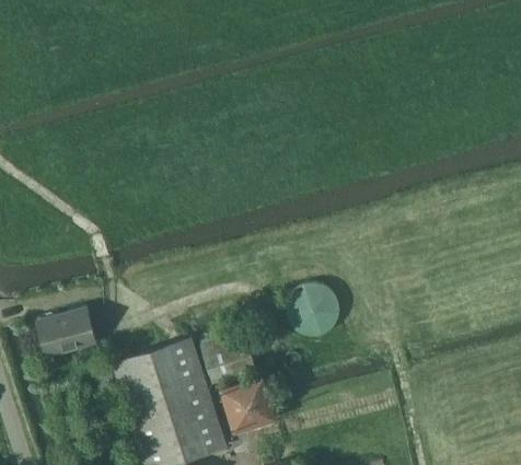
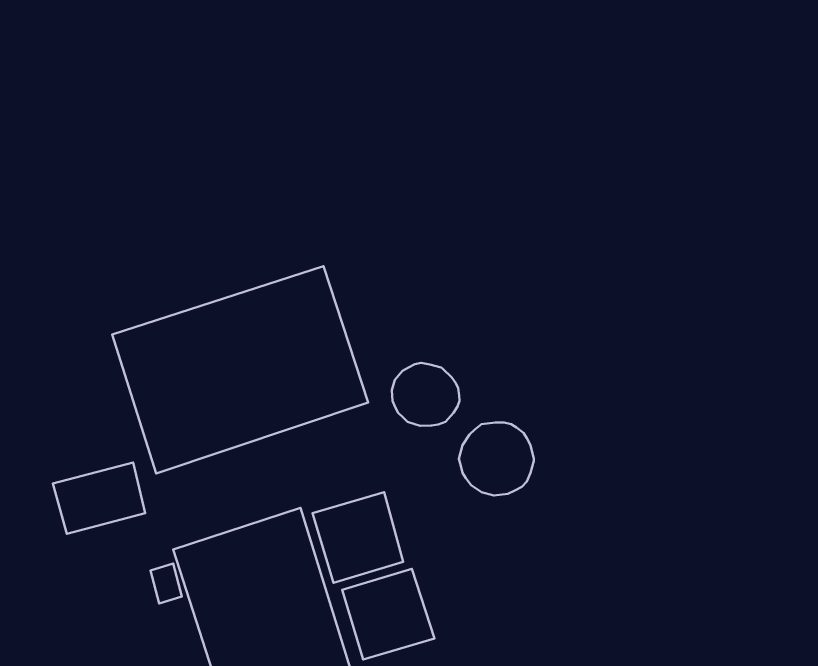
building: none -> [112,266,368,474]
building: none -> [392,363,459,426]

